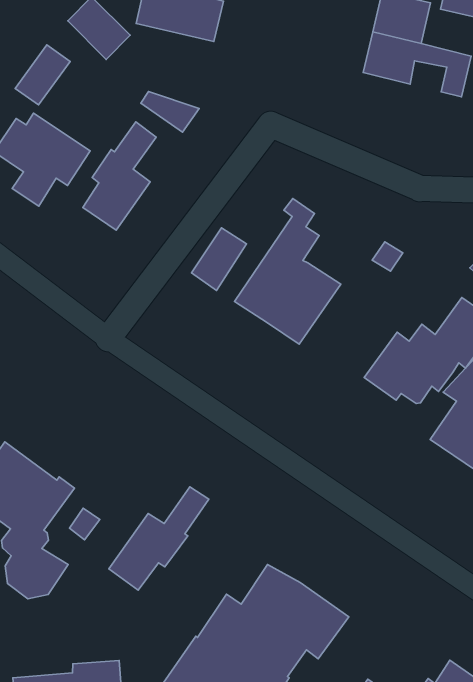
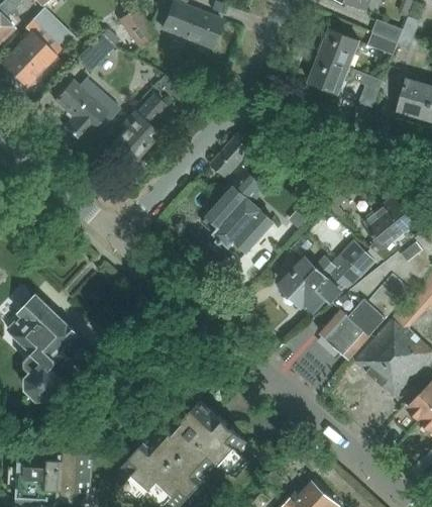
building: [192,228,246,290] -> [211,137,250,179]
building: [109,487,209,590] -> none

